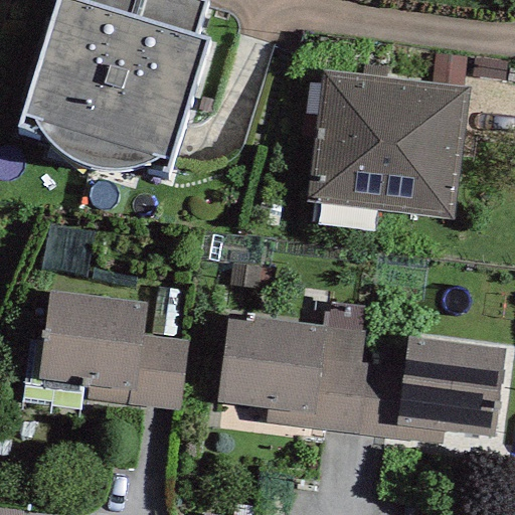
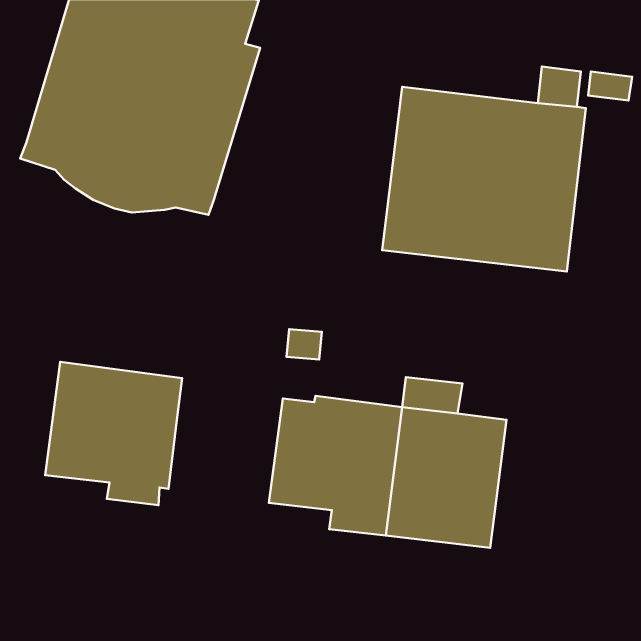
building: [128,334,187,409] -> none
building: [393,336,506,446] -> none

